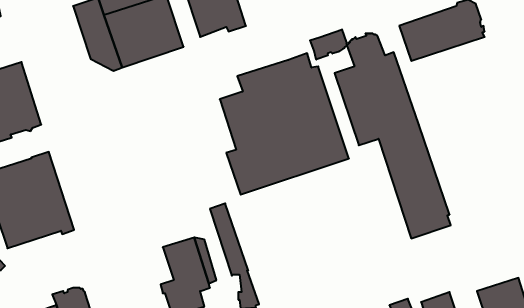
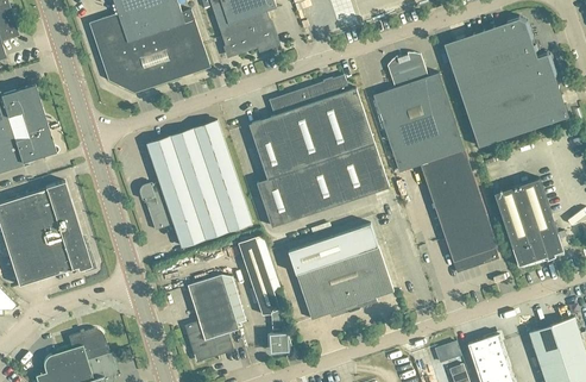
building: [310,29,347,60] -> none
building: none -> [456,52,568,146]
building: none -> [143,120,251,246]
building: none -> [494,179,563,265]
building: none -> [288,223,392,319]

